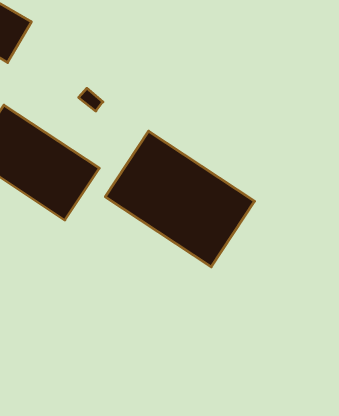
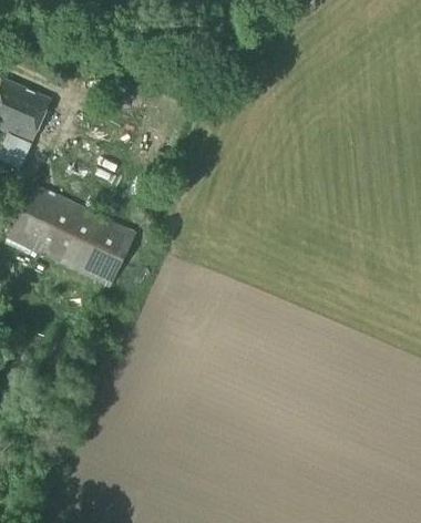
building: [105,131,255,267] -> none

